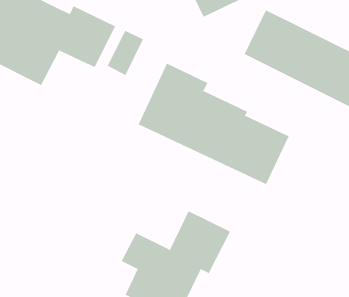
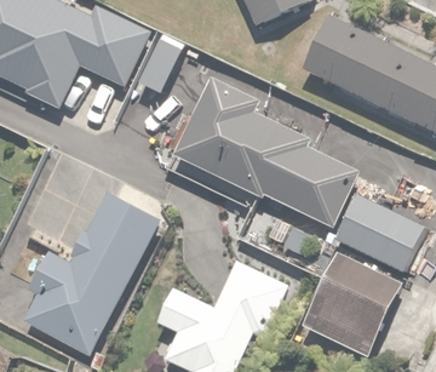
building: none -> [18,194,161,359]
building: none -> [338,195,425,270]
building: none -> [302,252,405,356]

